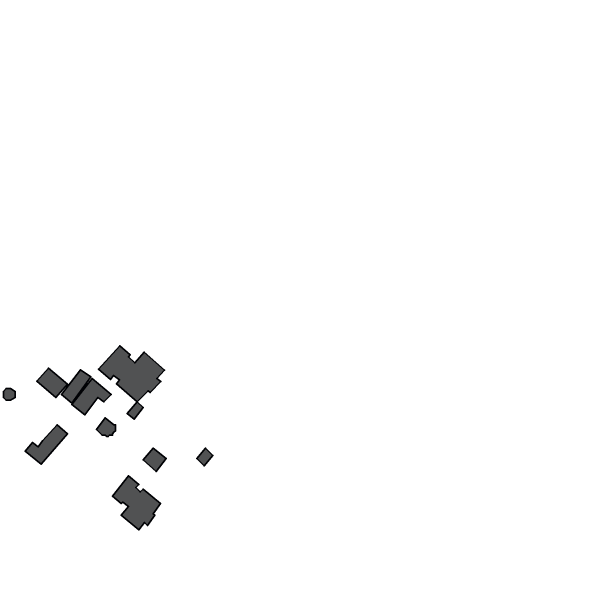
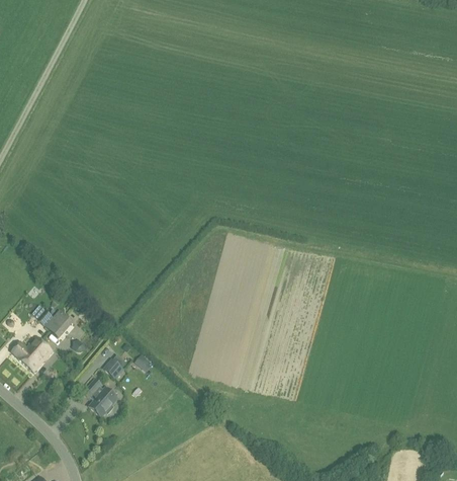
building: [98,346,165,402] -> none
building: none -> [11,336,44,363]

